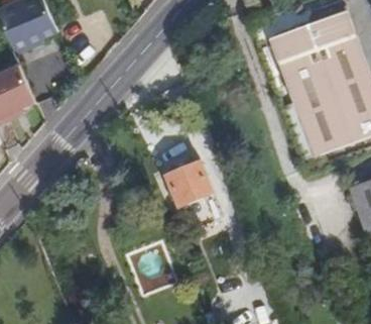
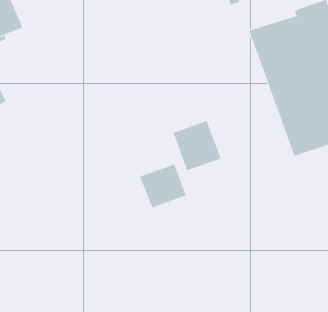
building: none -> [173,120,222,171]

